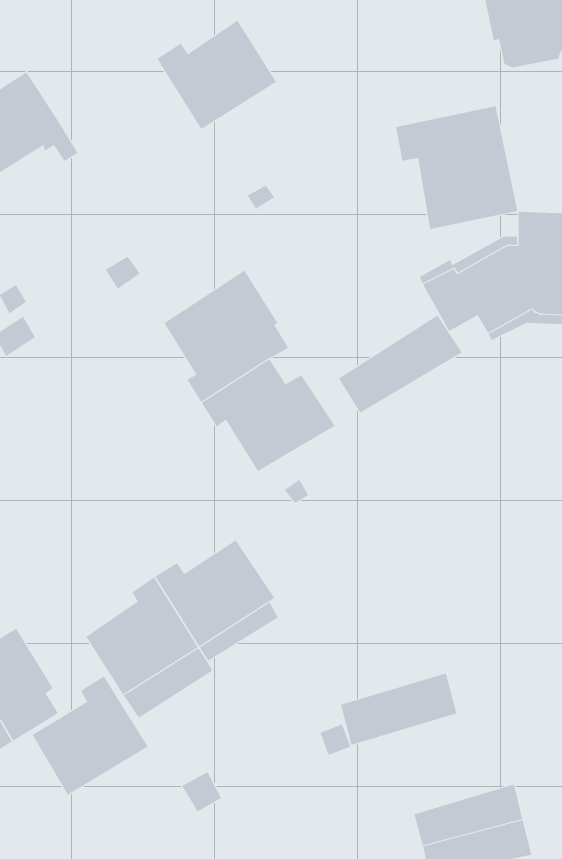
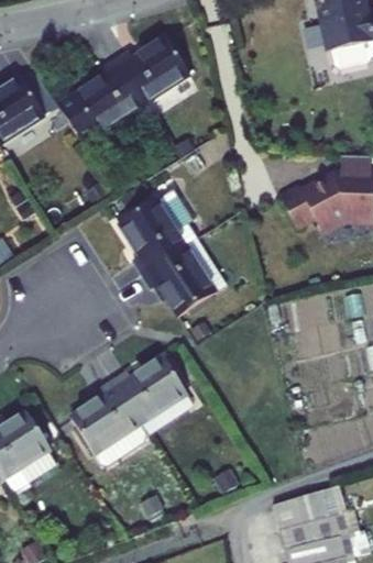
building: none -> [57,59,145,142]
building: [395,105,518,230] -> none
building: [338,315,463,413] -> none
building: [340,673,457,745] -> [271,483,343,528]
building: [32,675,149,796] -> none

